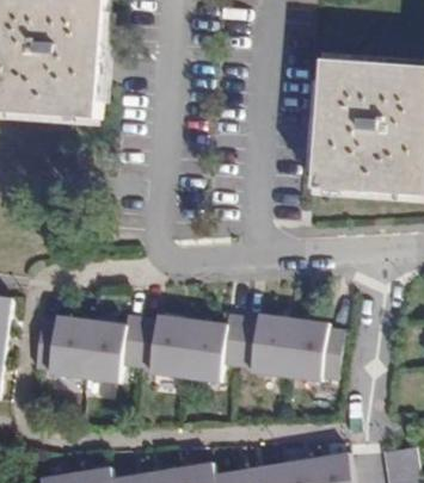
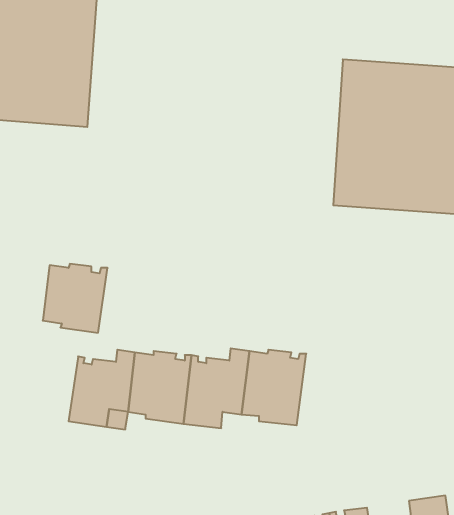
building: [32,317,90,378] -> [43,264,108,333]
building: [283,318,340,386] -> none

